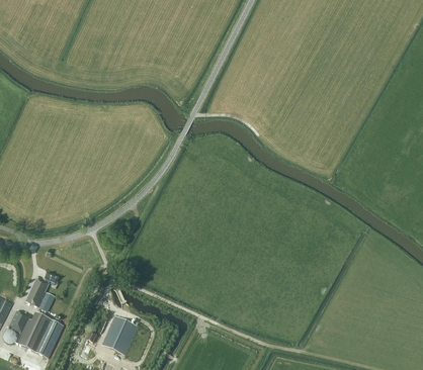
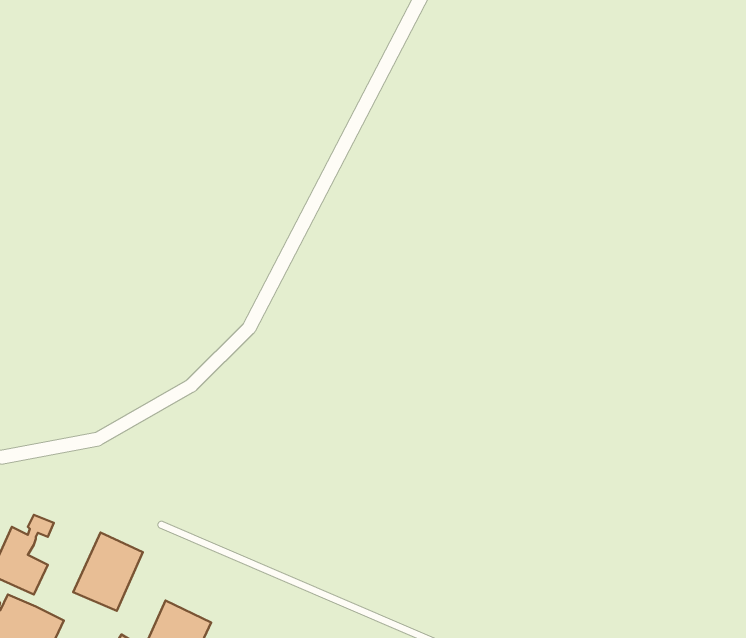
building: none -> [73,532,143,611]

